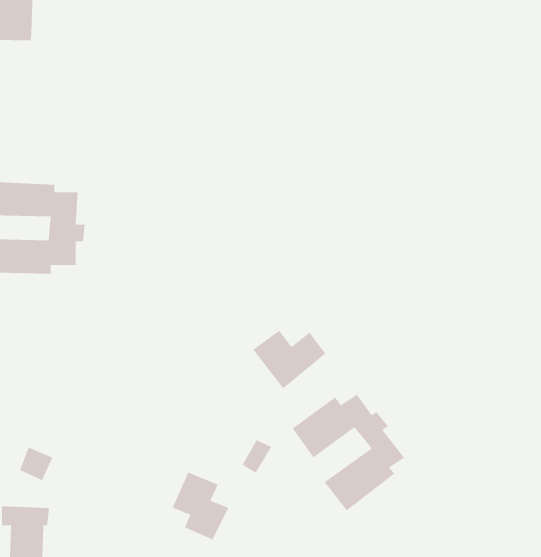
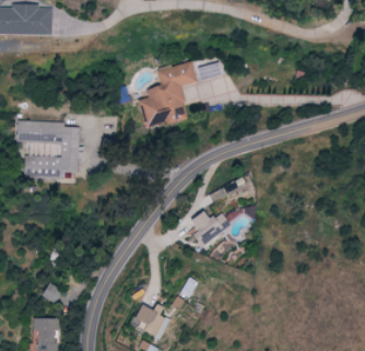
building: none -> [139,61,195,127]
building: [292,394,405,511] -> none

